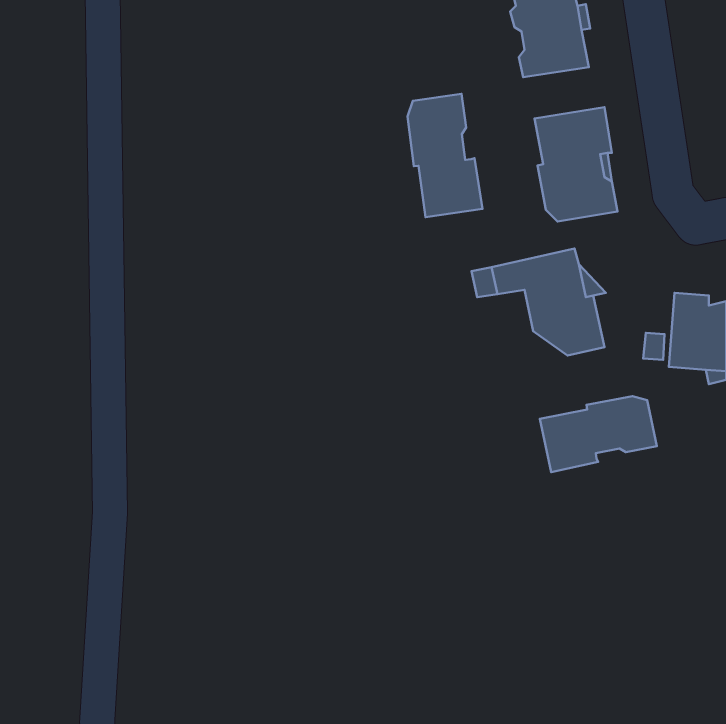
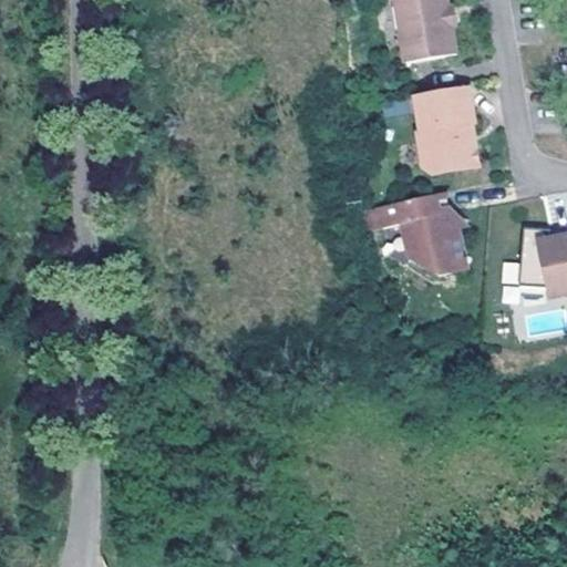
building: [407,94,482,217] -> none
building: [540,396,657,472] -> none

